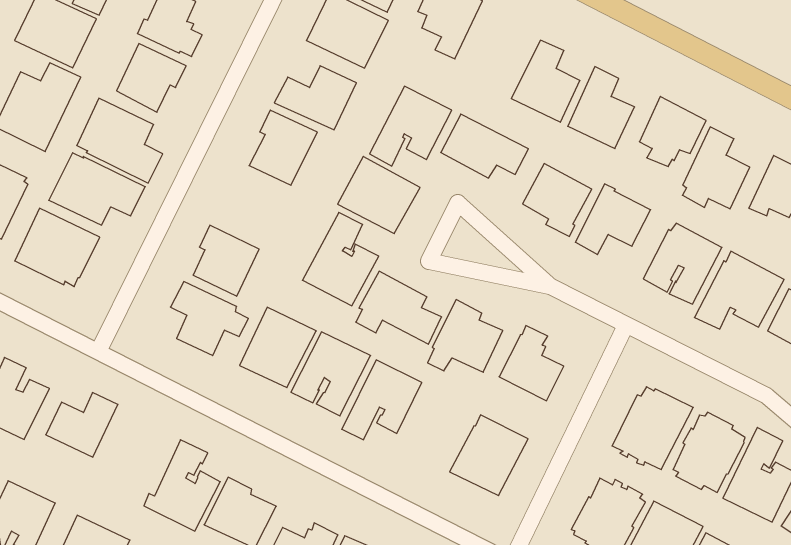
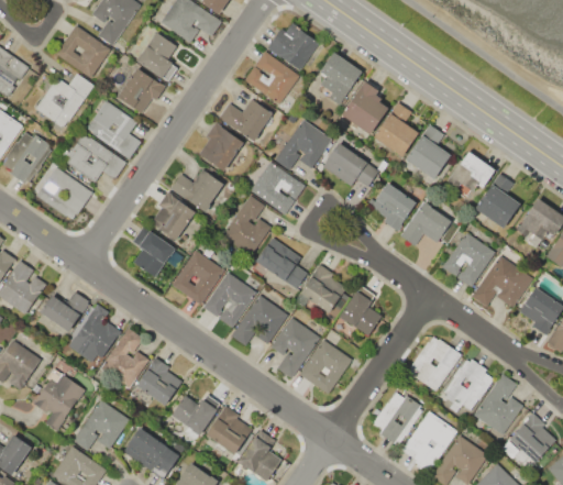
building: none -> [340,79,388,135]
building: none -> [169,169,223,213]
building: none -> [271,318,319,379]
building: none -> [67,304,121,363]

